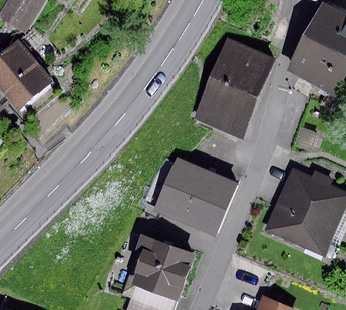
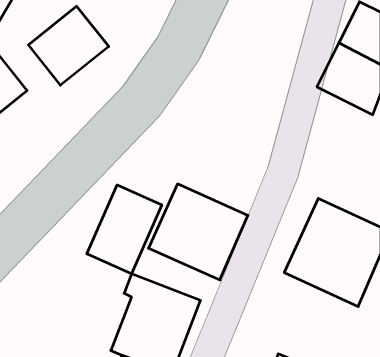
building: none -> [28,6,109,85]
building: [195,42,273,139] -> none
building: none -> [87,185,162,274]

